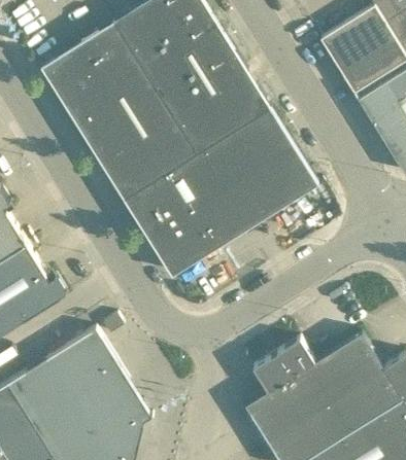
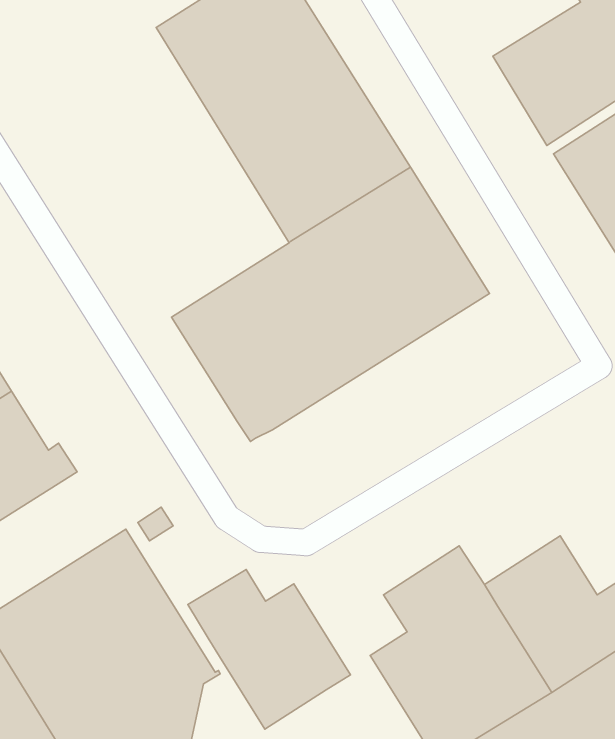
building: [41,23,196,200] -> none
building: none -> [188,570,351,729]

